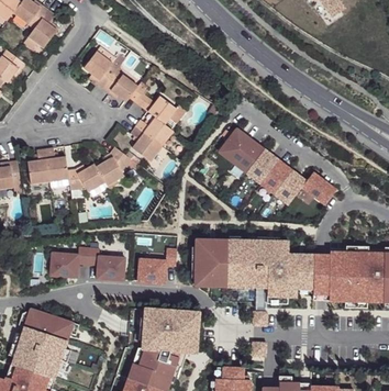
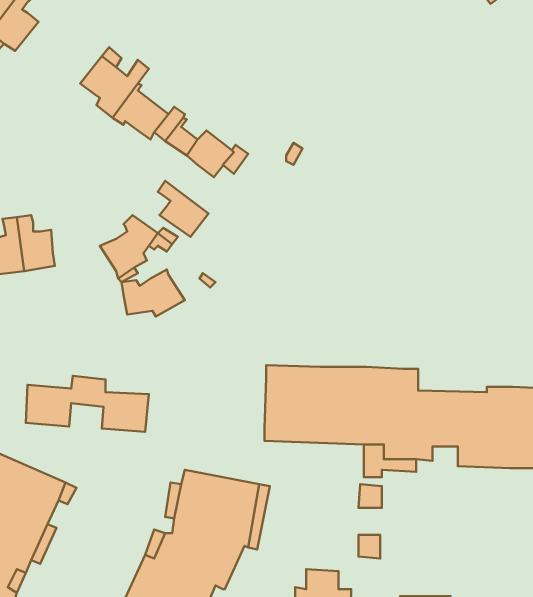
building: [135,118,174,147] -> none
building: [219,129,336,205] -> none
building: [67,164,105,192] -> [122,269,185,316]
building: [138,248,177,283] -> none

